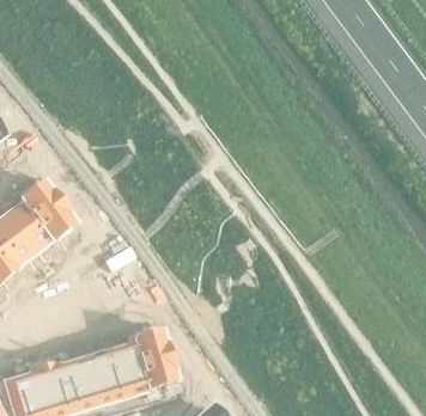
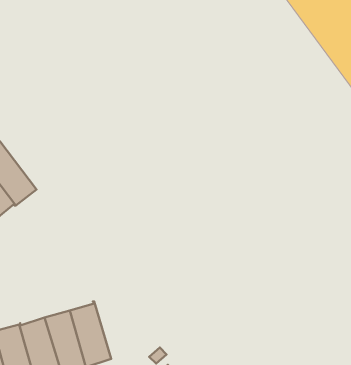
building: [135,332,179,399] -> none

